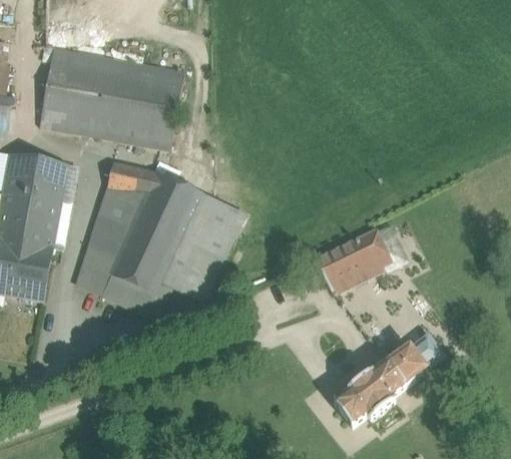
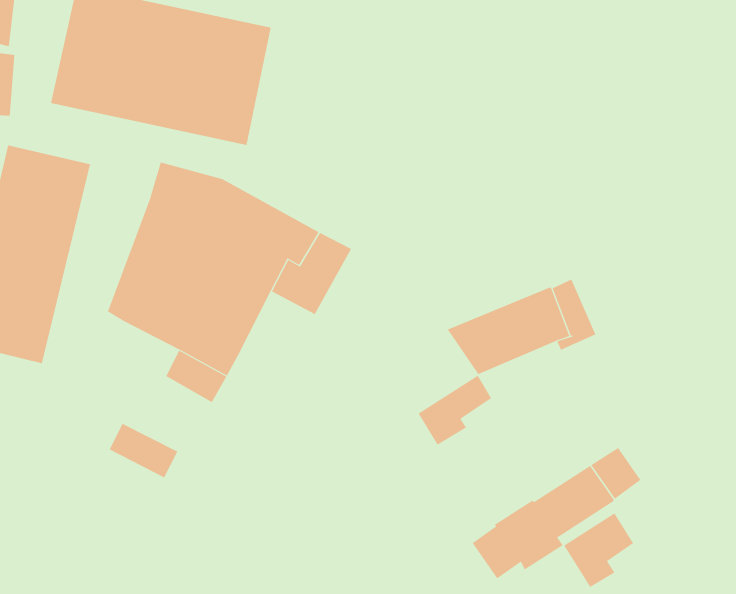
building: [171,244,220,301] -> none
building: [85,269,131,304] -> [109,423,178,478]
building: none -> [418,375,492,446]
building: none -> [564,512,634,588]

